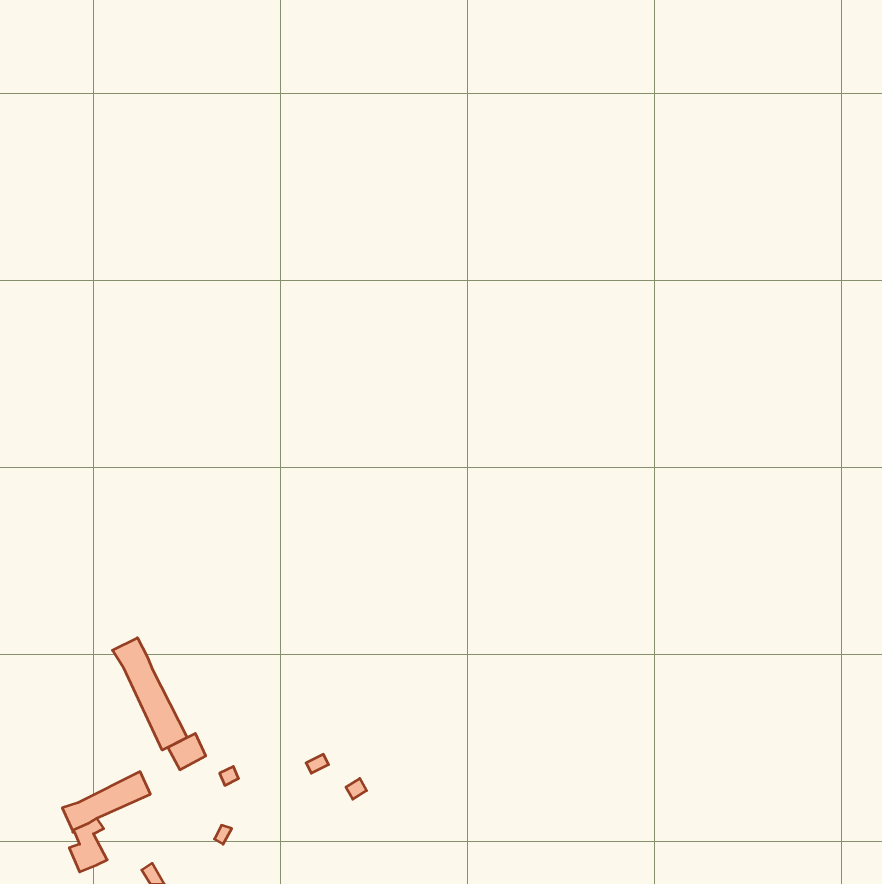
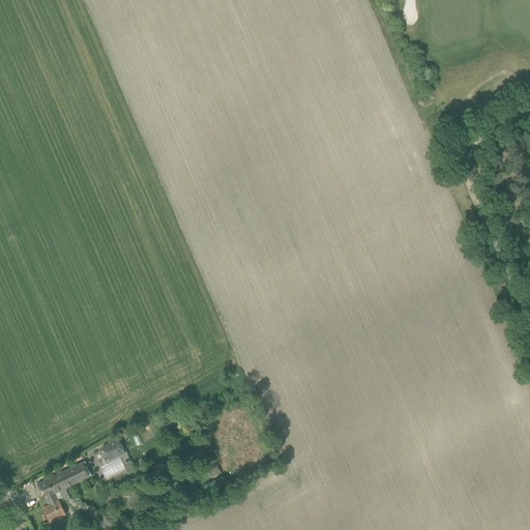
building: [112,638,187,750] -> none

